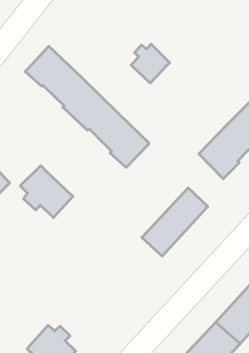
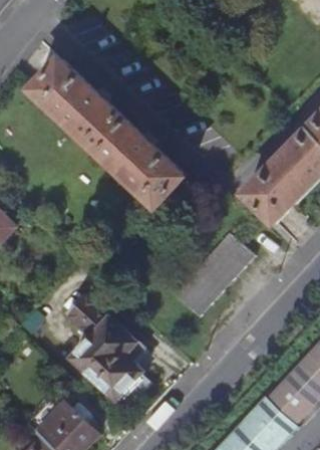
building: [131,44,170,83] -> none
building: [20,166,73,218] -> none
building: none -> [61,297,141,406]

